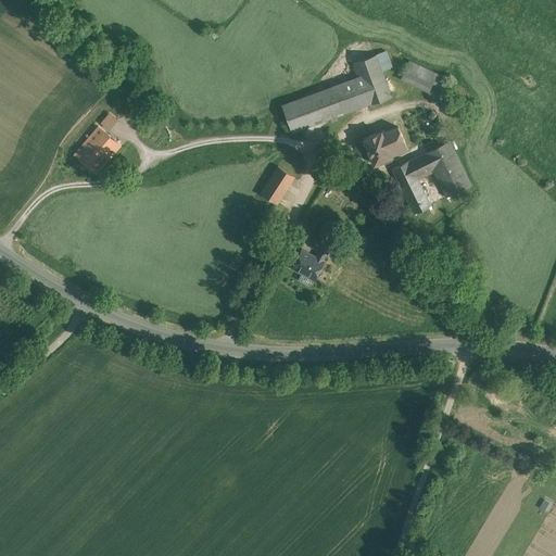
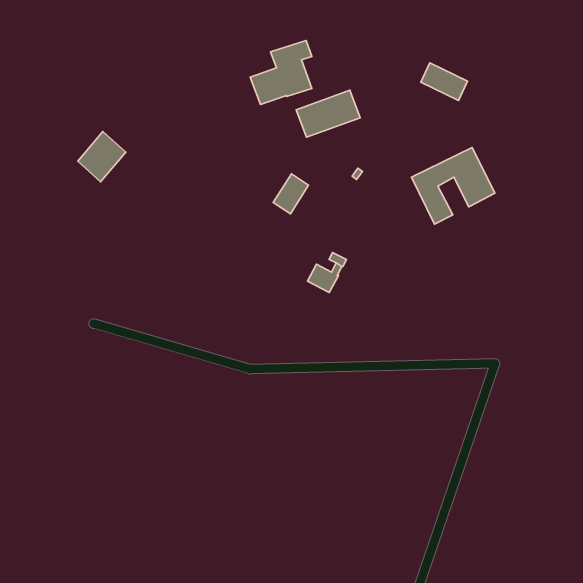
building: [332,52,391,113] -> [250,41,312,105]
building: [363,127,407,165] -> none

